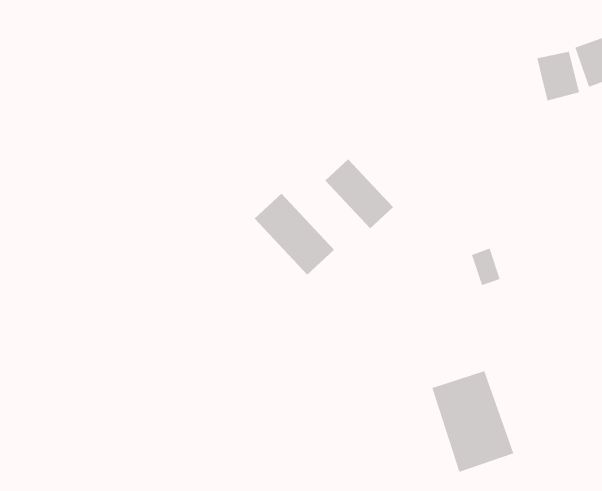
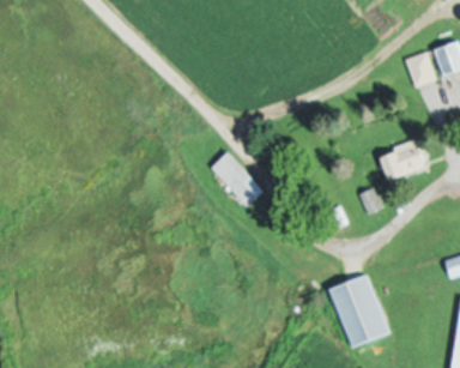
building: [325,158,394,229] -> none
building: none -> [381,145,428,182]

